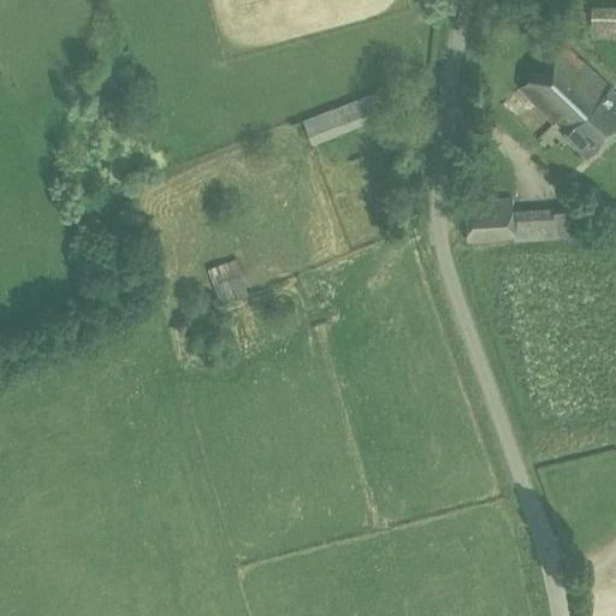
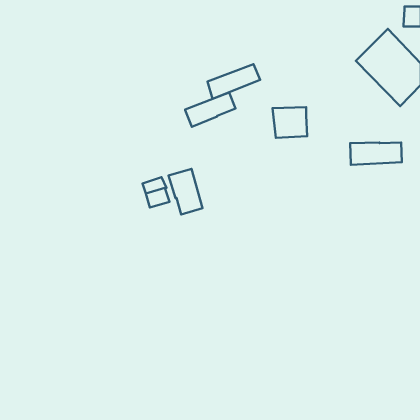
building: none -> [185,92,235,127]
building: [463,199,514,243] -> [273,107,307,138]
building: none -> [168,169,202,214]

